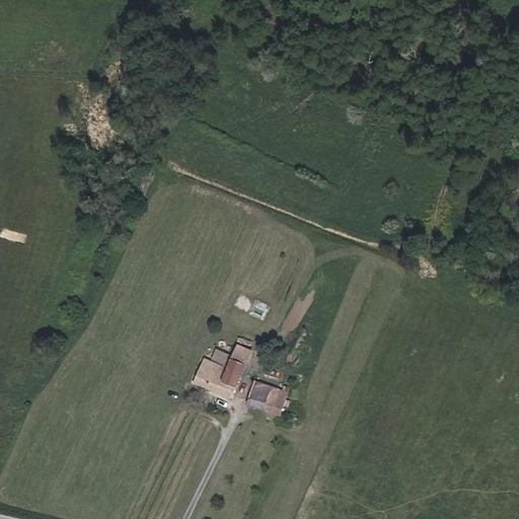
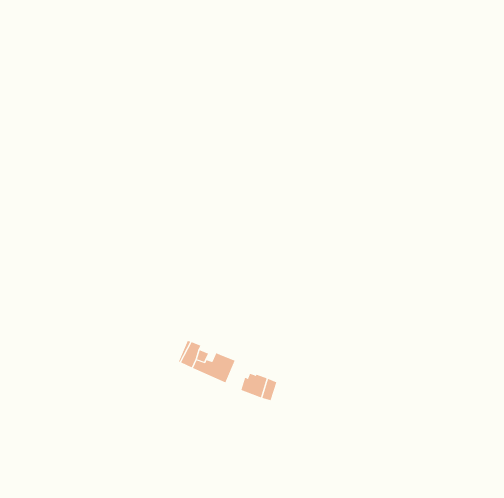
building: [230,339,253,369] -> none

